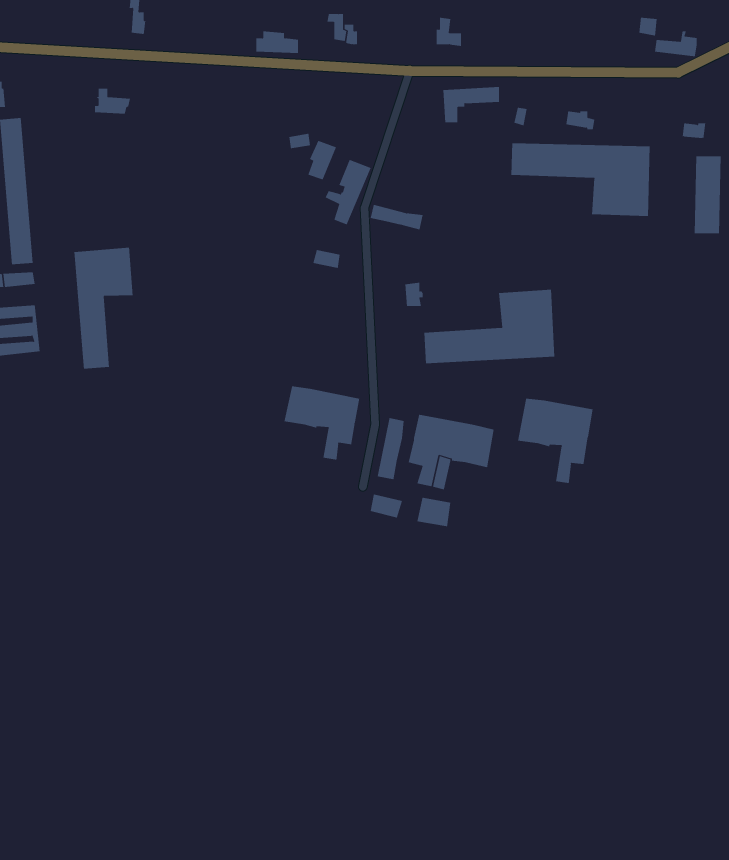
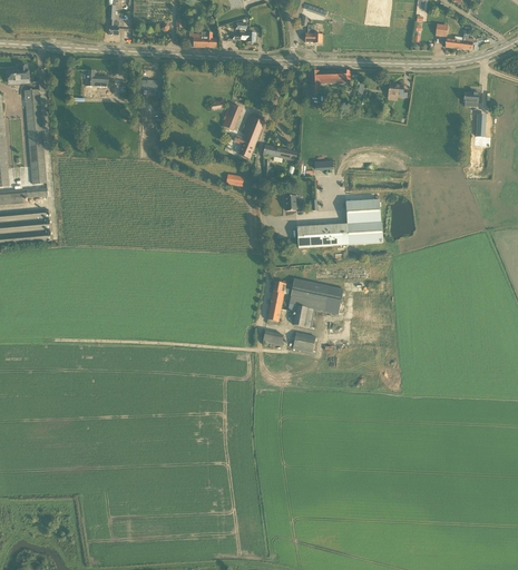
building: [511,143,650,217] -> none
building: [74,247,133,370] -> none
building: [284,385,360,461] -> none
building: [517,398,593,484] -> none

